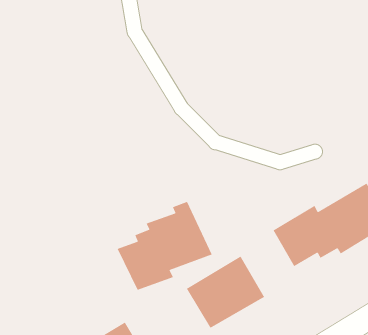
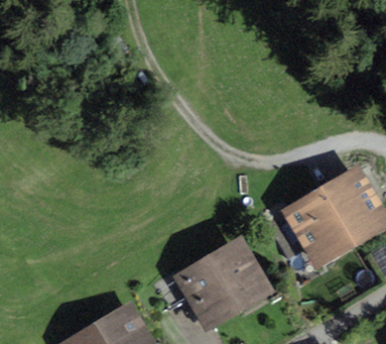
building: [117,201,213,291] -> none

